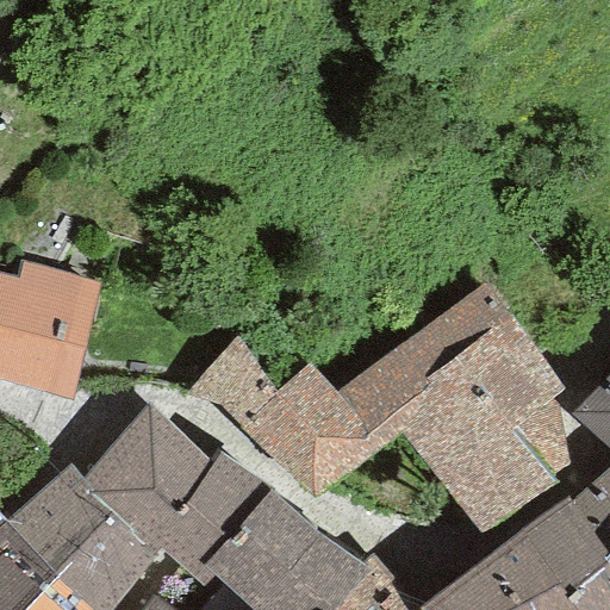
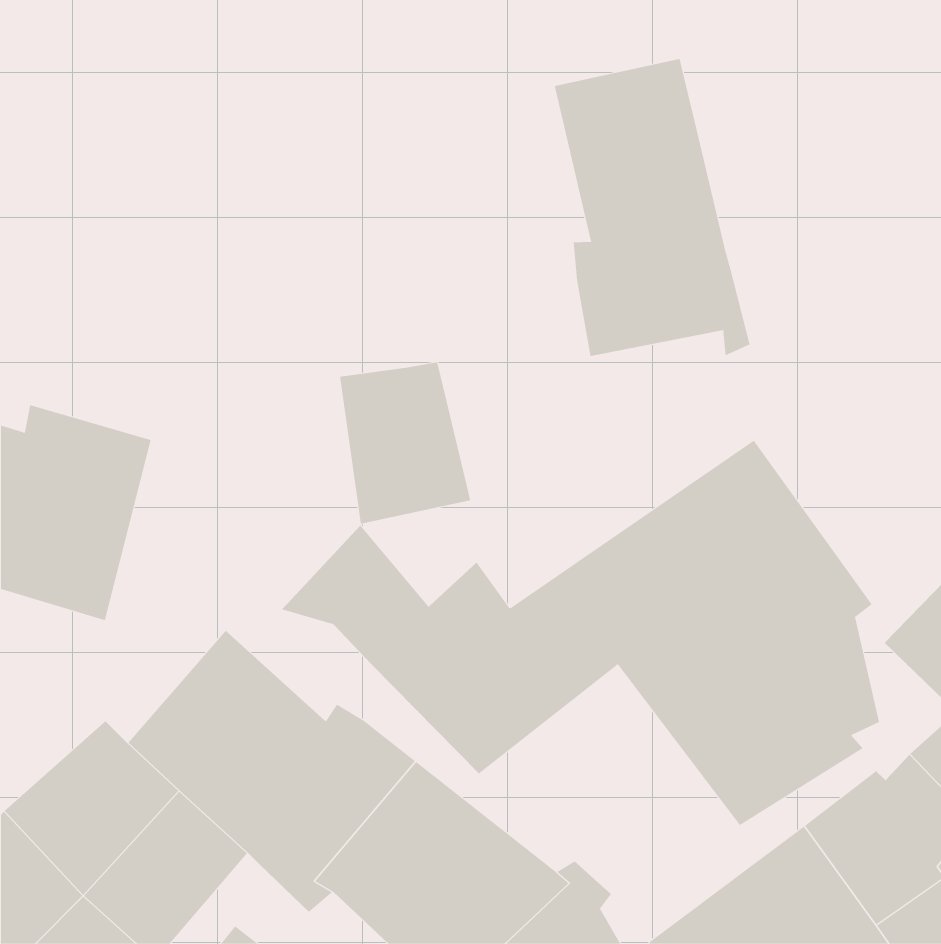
building: none -> [554,58,750,357]
building: none -> [340,361,471,525]

